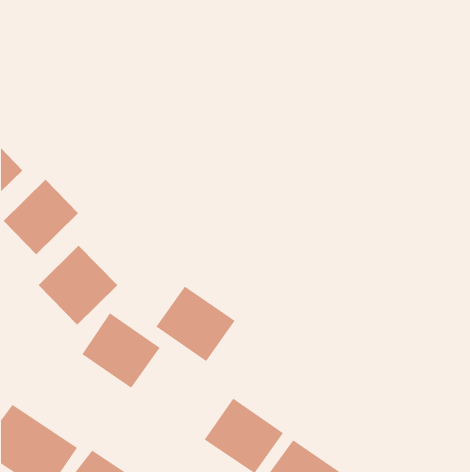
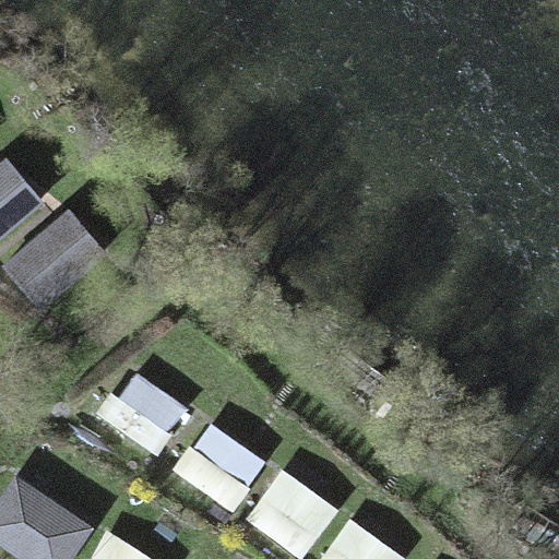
building: [38,245,118,325] -> none
building: [156,286,235,362] -> [173,421,266,511]

